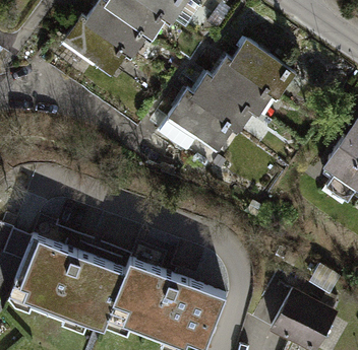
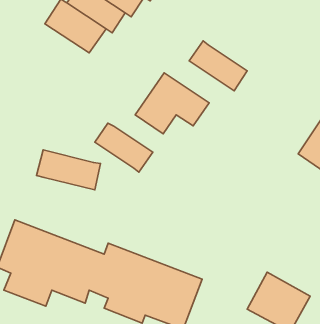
building: [233,40,292,90] -> none
building: [194,73,253,123] -> [95,123,153,172]
building: none -> [37,150,101,190]

